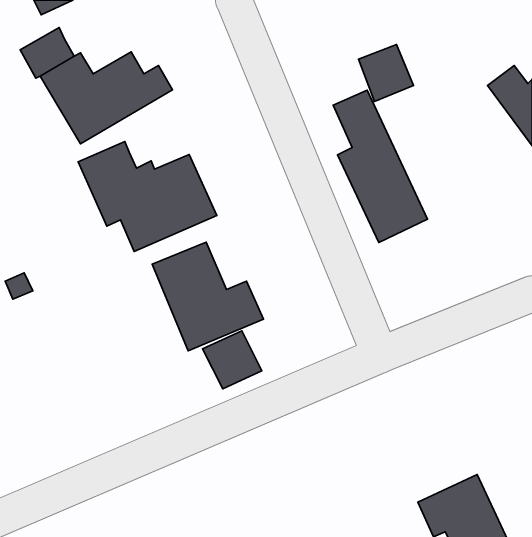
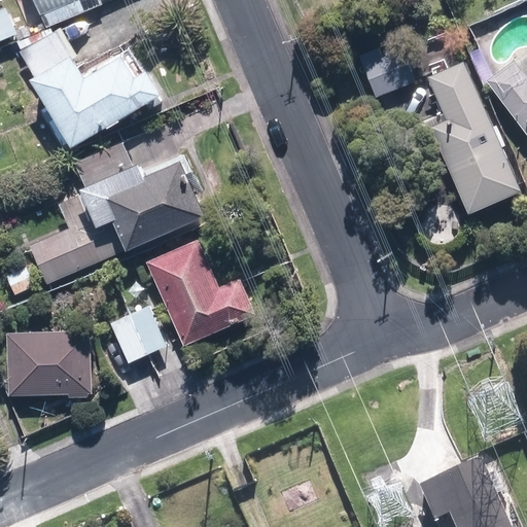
building: [333,90,427,243] -> [416,70,507,218]
building: none -> [29,224,127,284]
building: [203,331,262,389] -> [110,306,168,362]
building: none -> [10,328,94,397]

